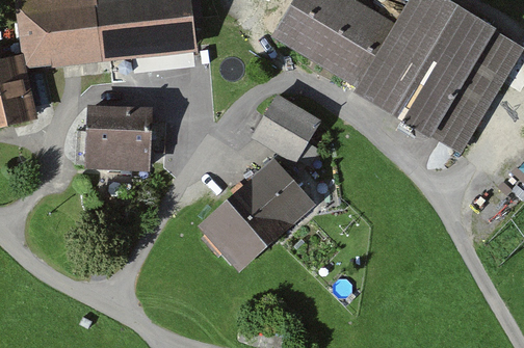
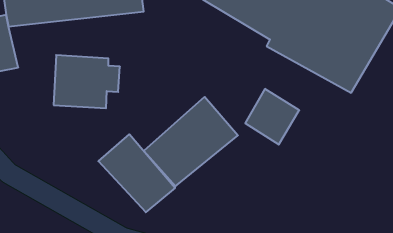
building: [253,92,321,163] -> [245,89,299,145]
building: none -> [98,134,175,212]

